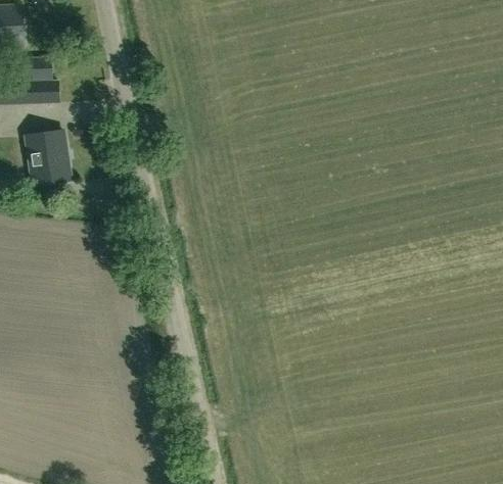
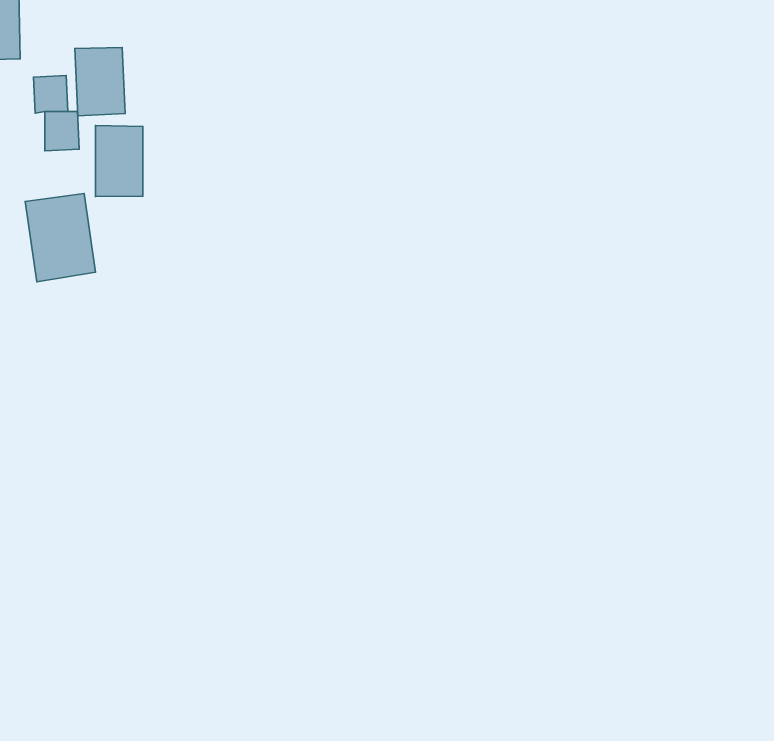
building: none -> [75,47,125,116]
building: none -> [96,125,143,196]

